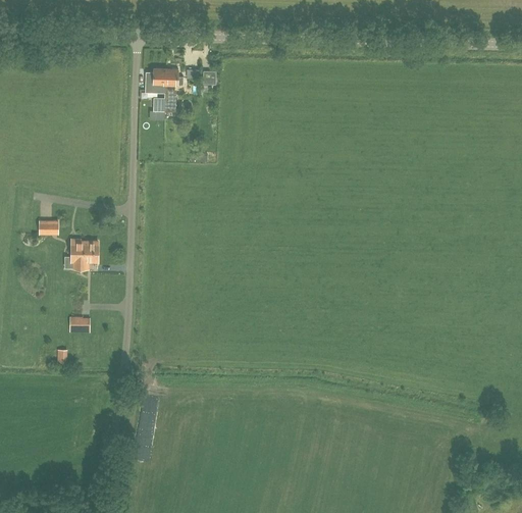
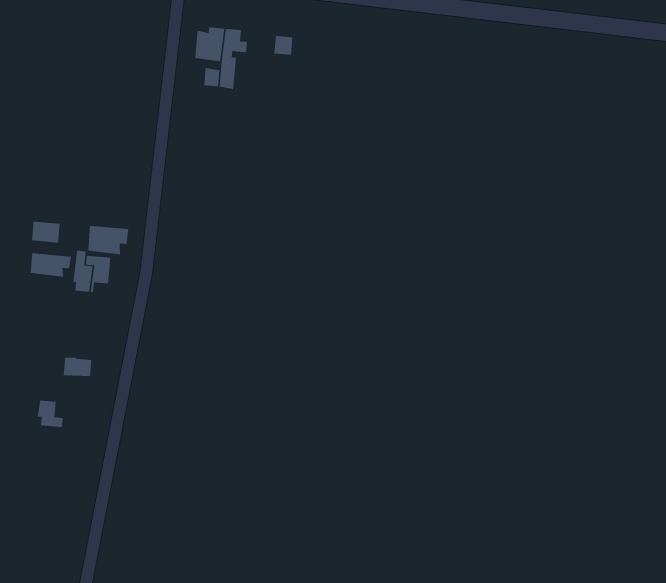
building: none -> [88,225,129,255]
building: none -> [30,253,72,277]

